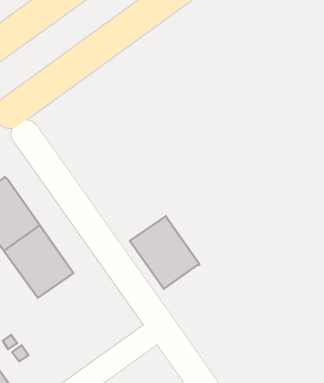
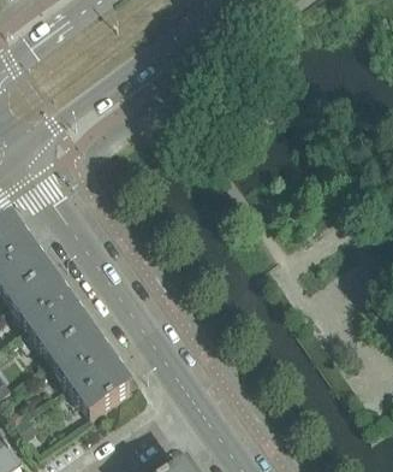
building: [130,216,200,289] -> [50,325,132,411]

